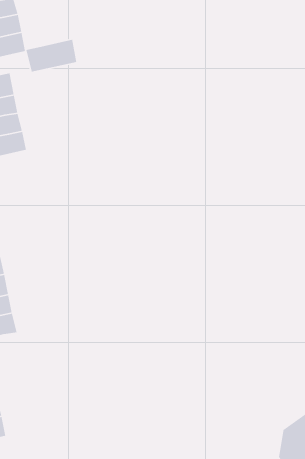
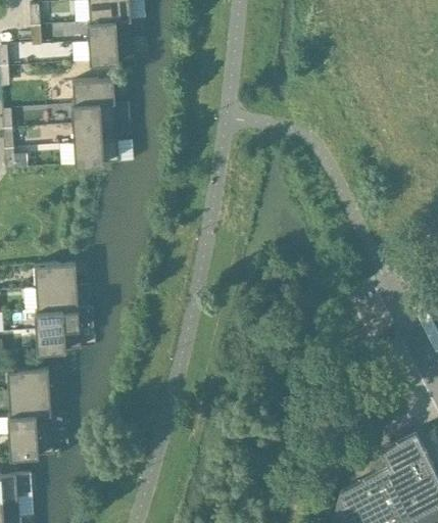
building: [25,39,77,73] -> none

